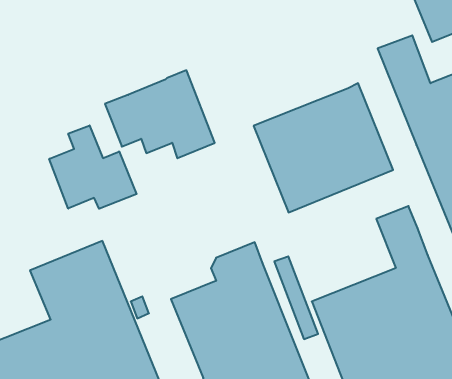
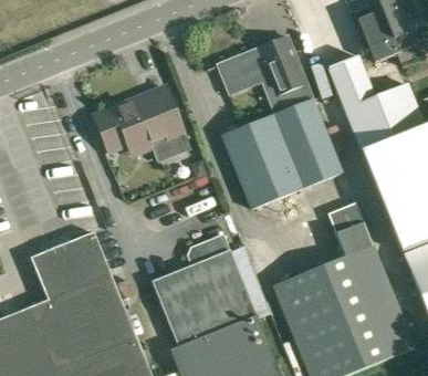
building: none -> [218,34,309,111]
building: [49,125,137,209] -> none

